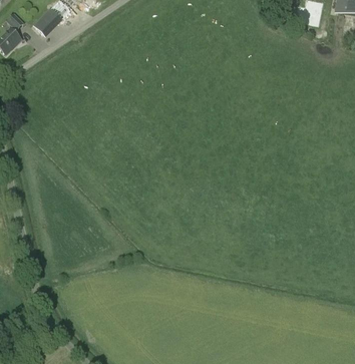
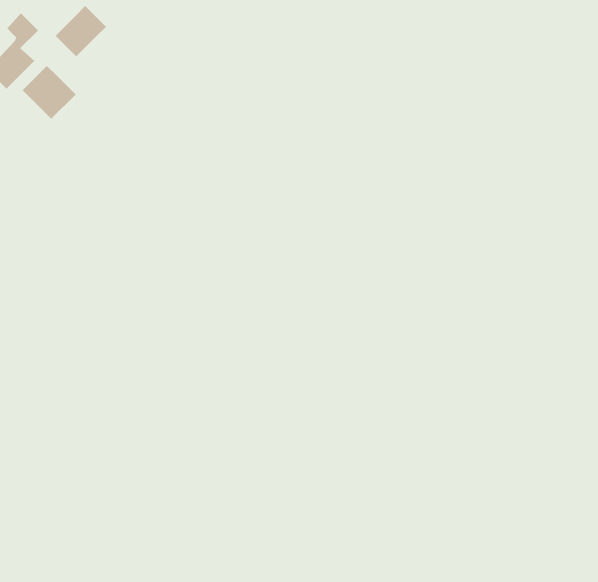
building: none -> [22,65,76,120]

